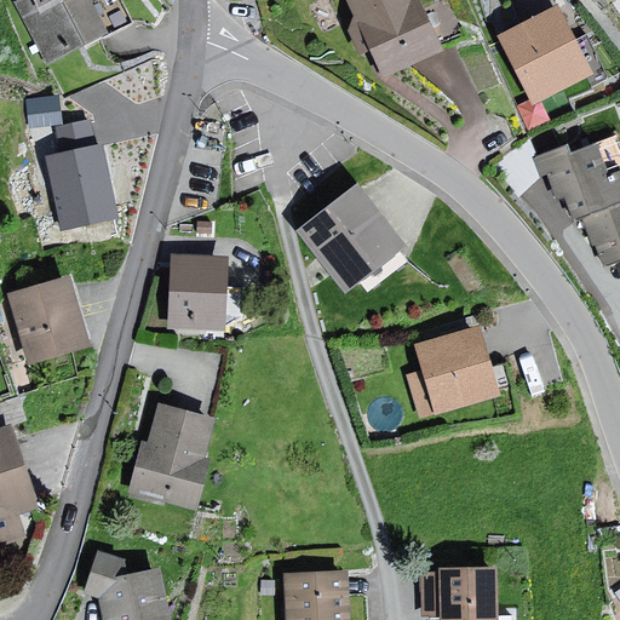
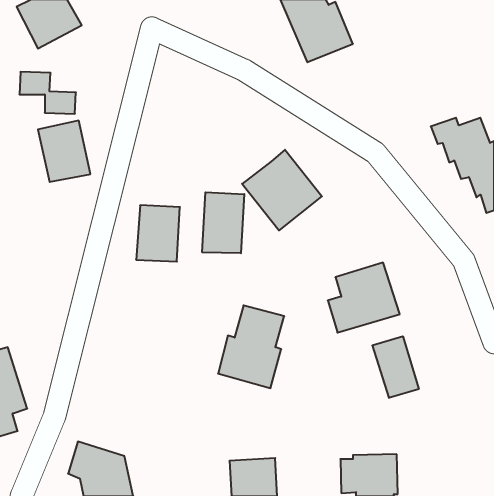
building: [499,8,585,98] -> none
building: none -> [202,192,244,253]
building: [12,283,86,364] -> none
building: [128,404,211,507] -> [218,305,284,388]
building: none -> [372,336,419,398]

